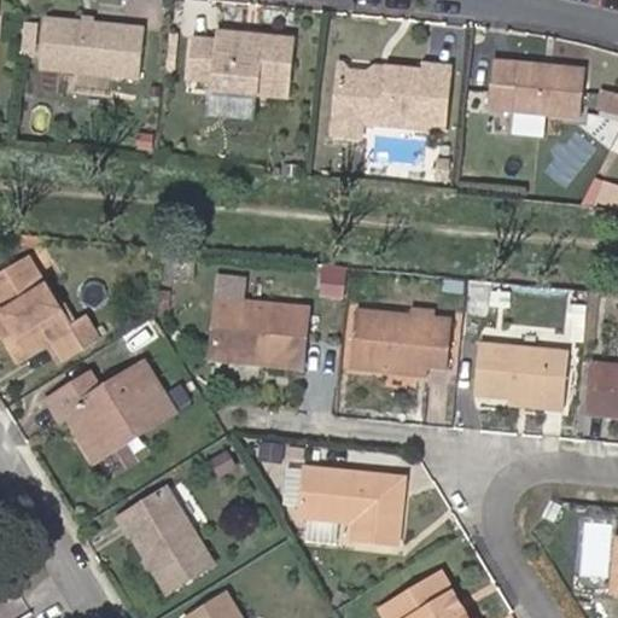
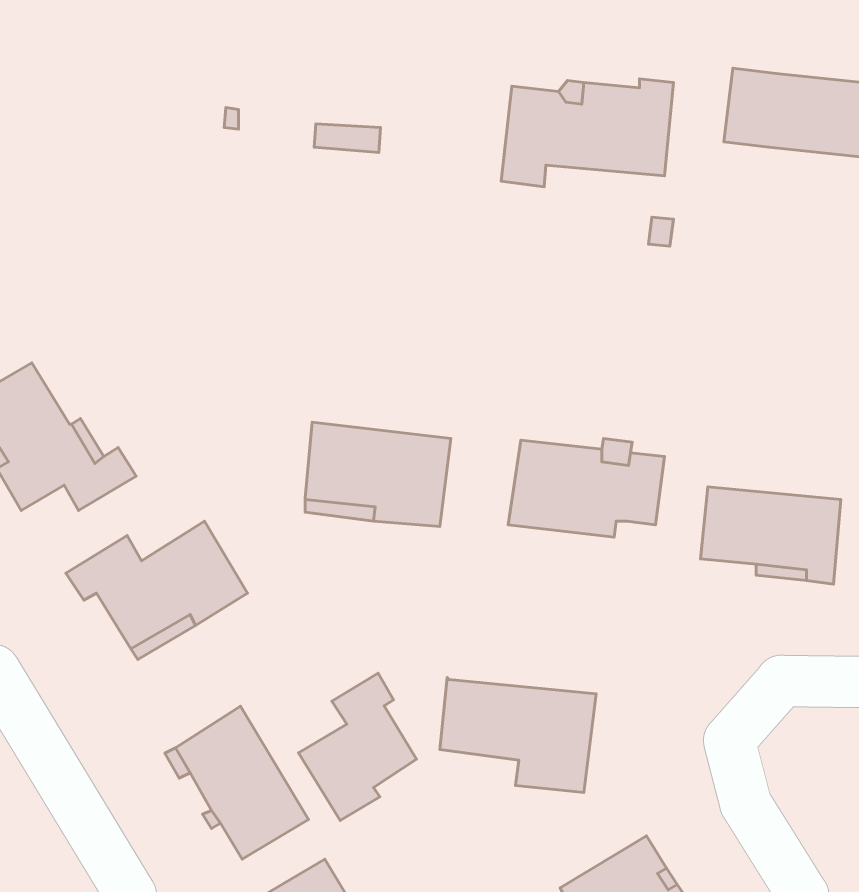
building: [43,21,150,81] -> none
building: [193,31,299,100] -> none
building: none -> [298,673,416,821]

